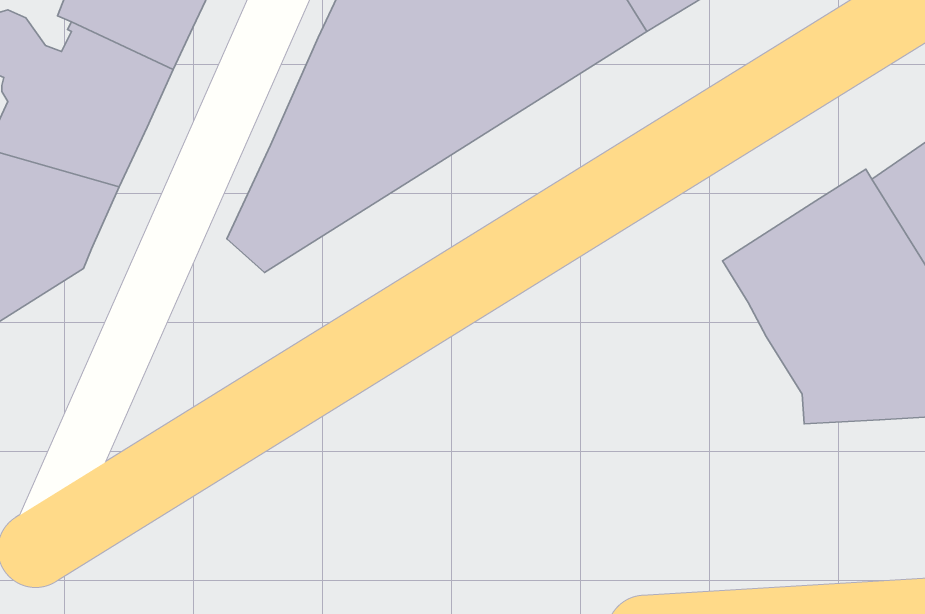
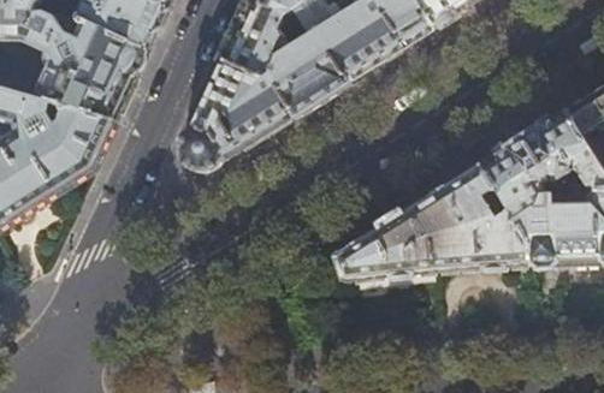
building: none -> [337,162,526,275]

